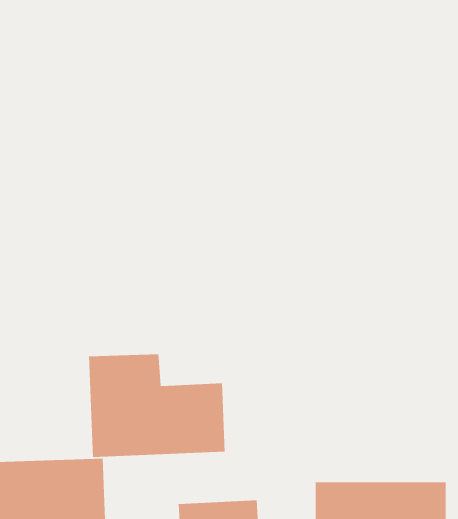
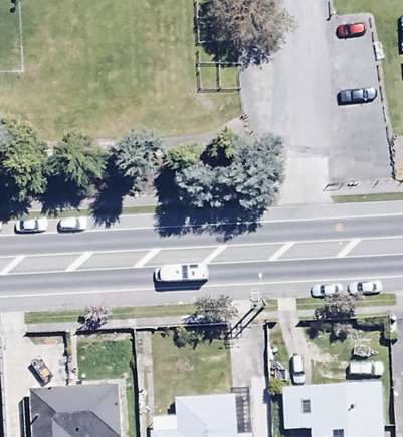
building: [89,353,225,458] -> none

